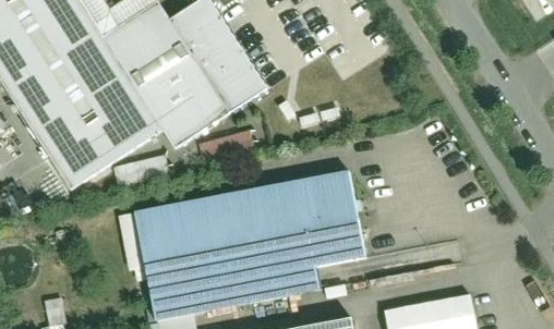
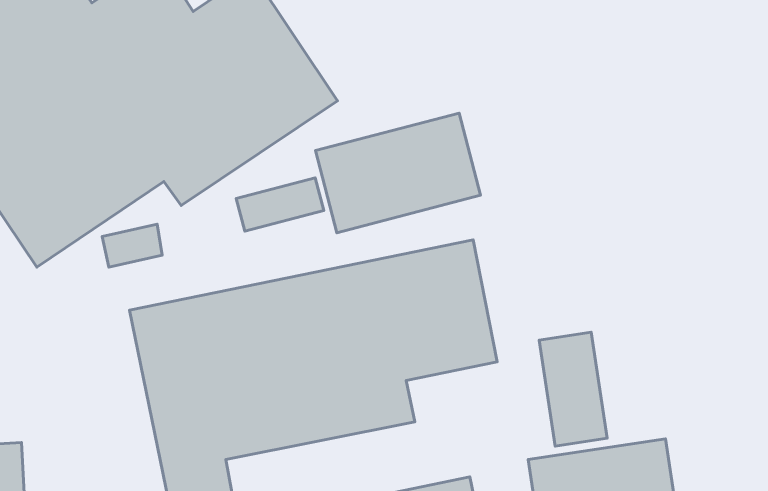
building: none -> [315,113,481,233]
building: none -> [539,332,607,446]

